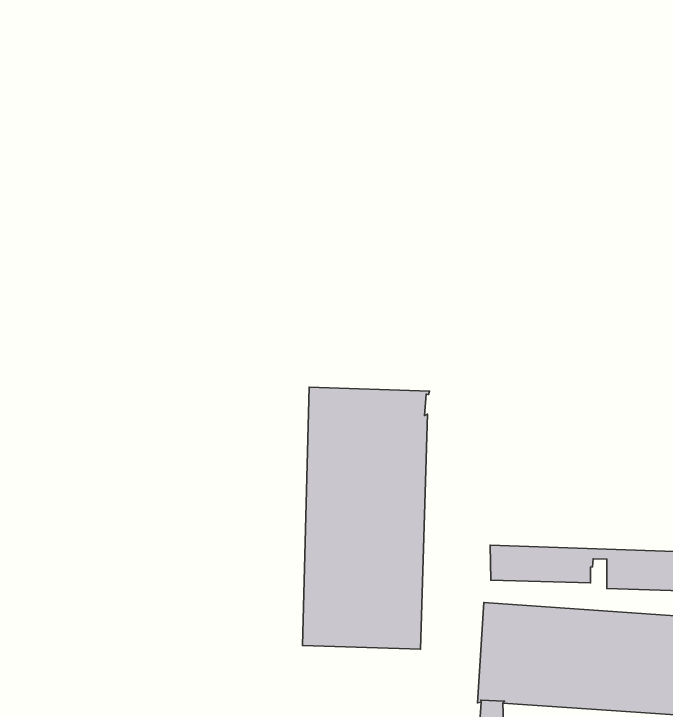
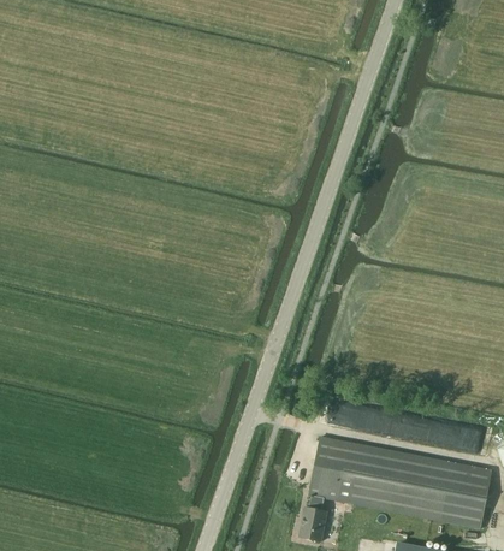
building: [303,387,429,649] -> none

